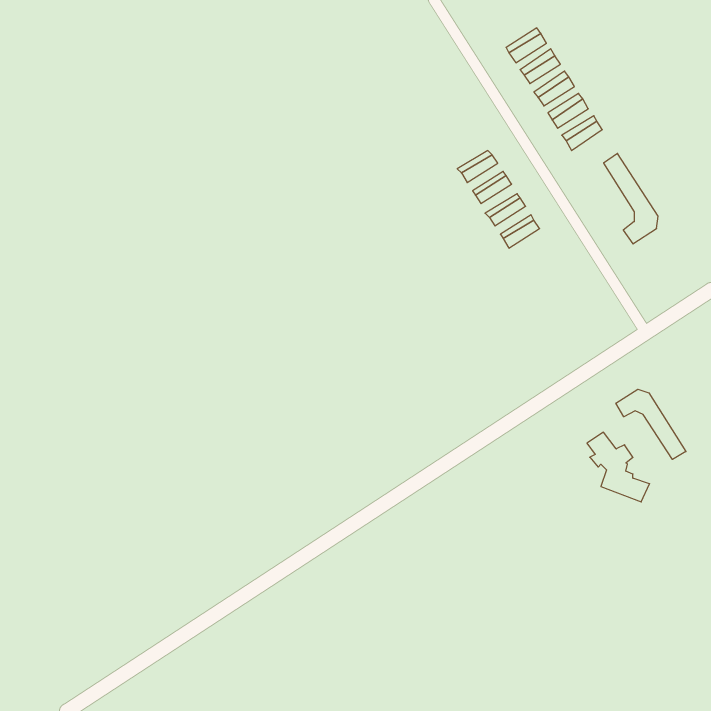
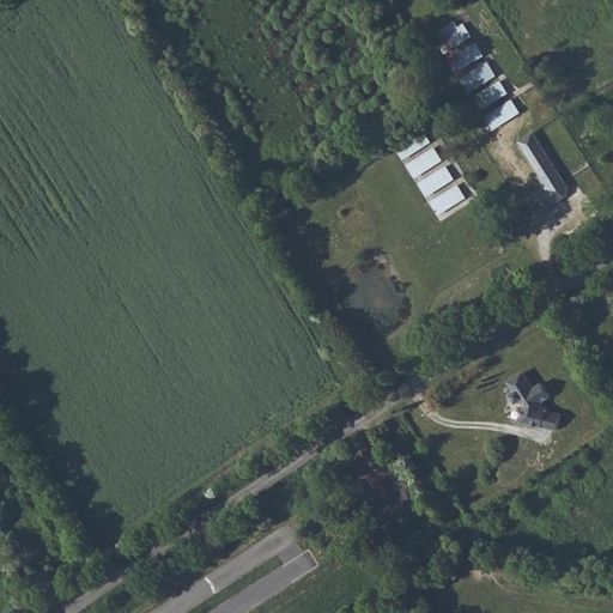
building: [616,389,686,459] -> none

